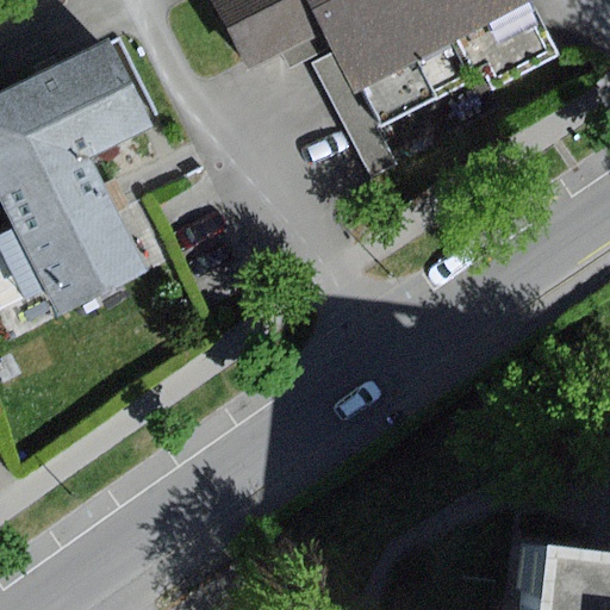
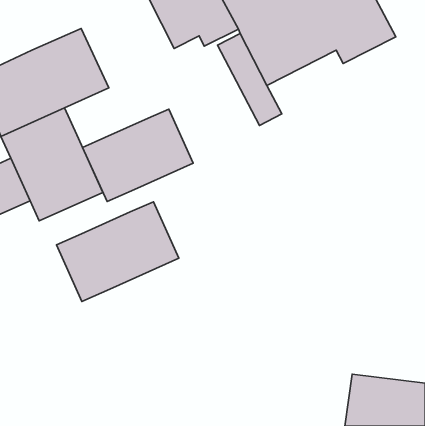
building: none -> [83,109,193,201]
building: none -> [56,202,179,301]

